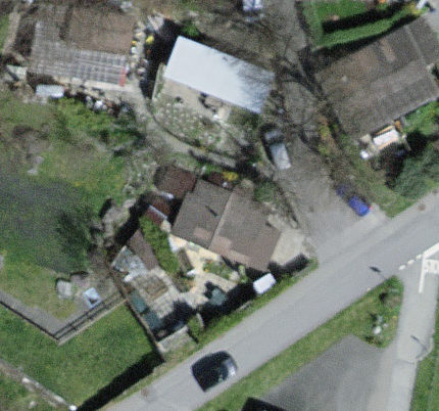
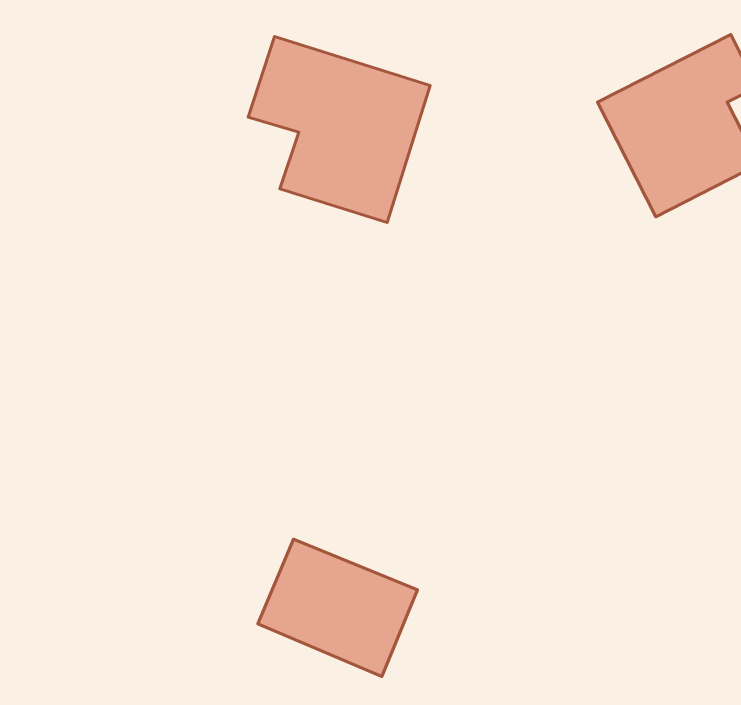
building: [179,186,265,261] -> [258,539,418,676]

